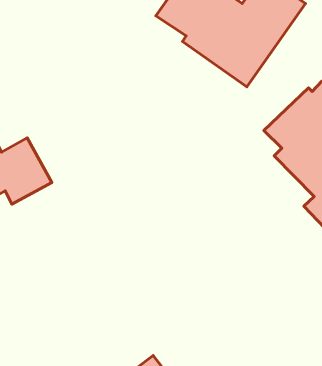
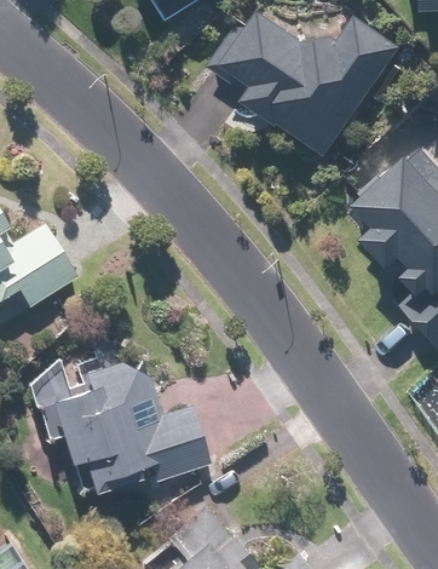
building: none -> [41,355,211,499]

